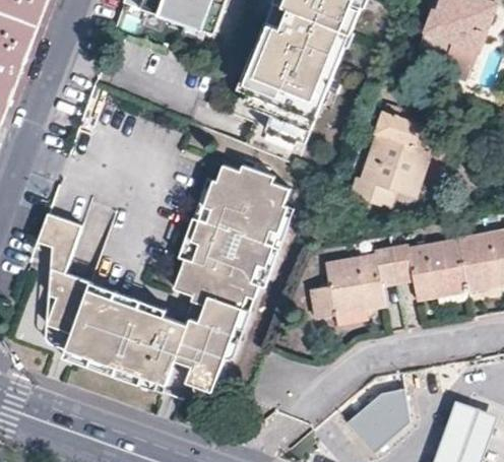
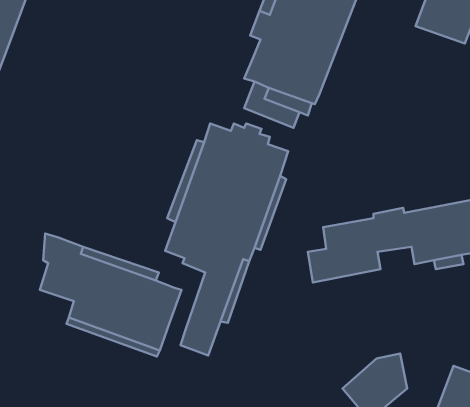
building: [350,102,447,206] -> none
building: [36,214,79,273] -> none
building: [173,299,208,365] -> none

